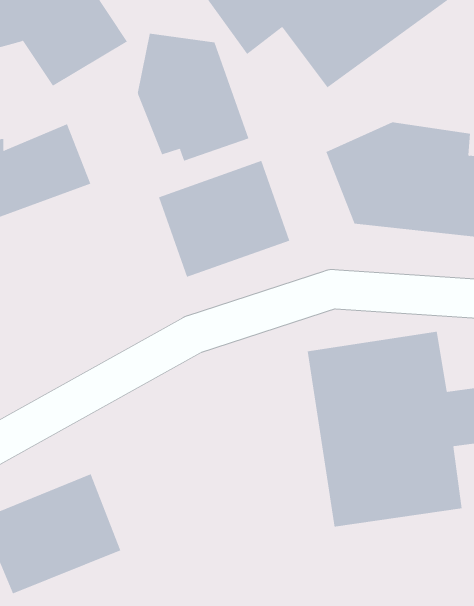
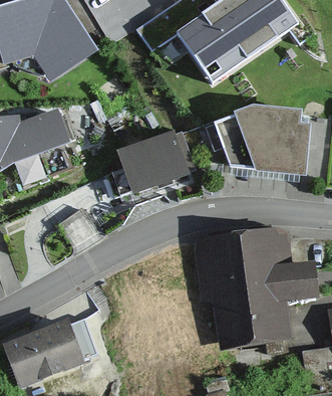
building: [137,33,249,162] -> none

